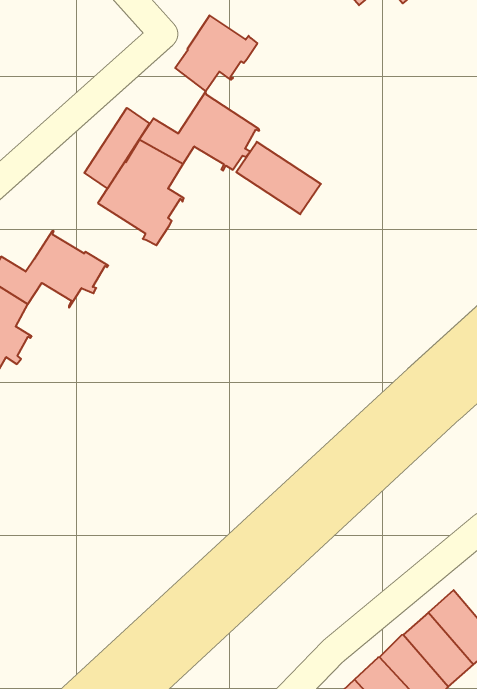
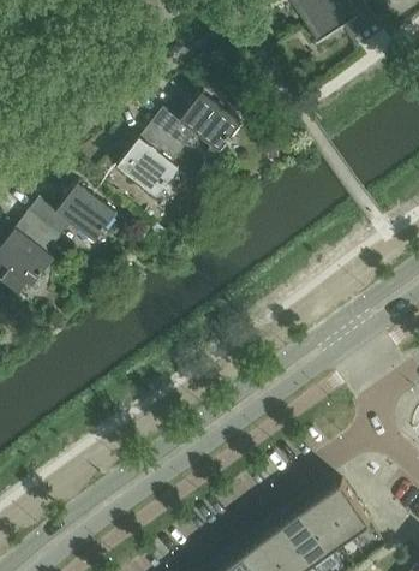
building: [175,15,257,91] -> none
building: [84,108,150,188] -> none
building: [236,142,321,214] -> none

